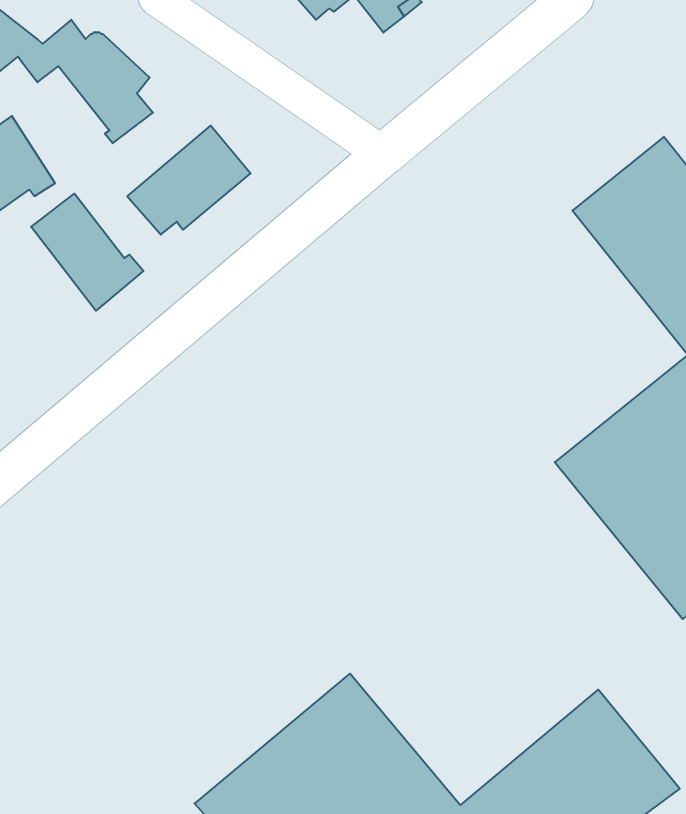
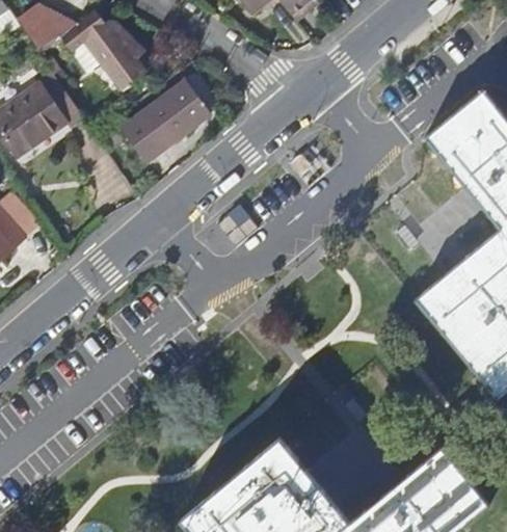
building: [31,194,144,311] -> none

